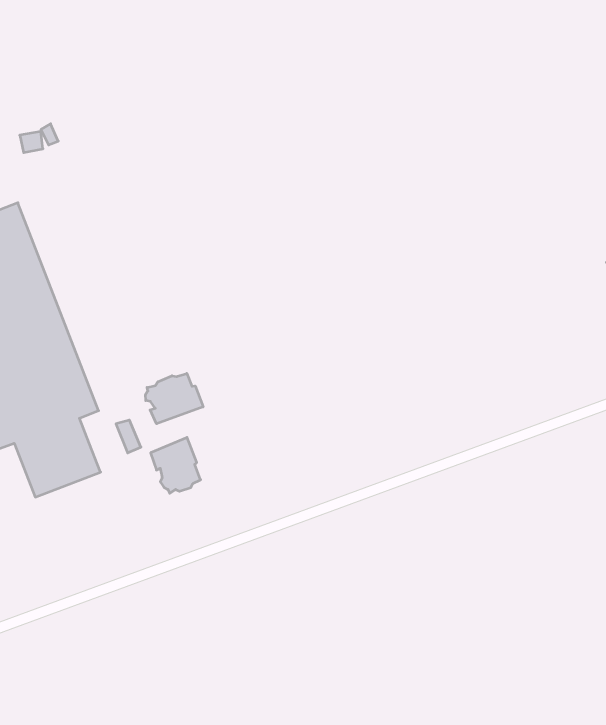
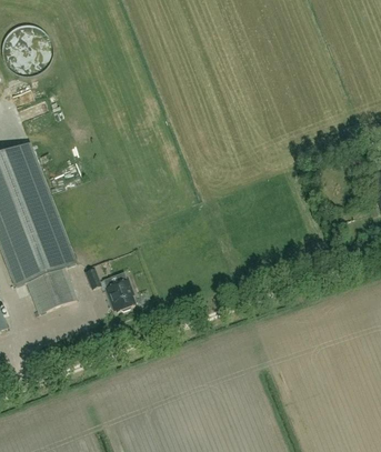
building: [146,373,203,424] -> none

